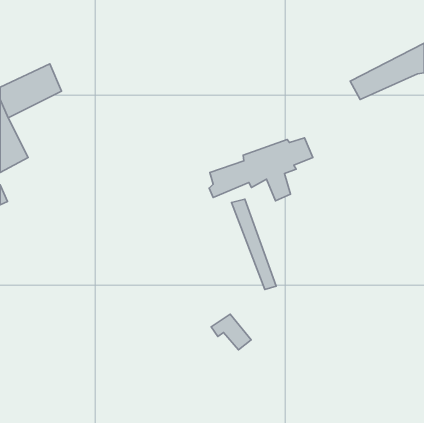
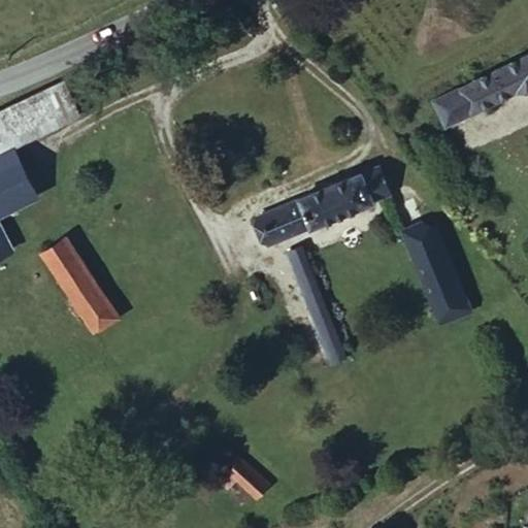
building: none -> [408,235,469,322]
building: none -> [43,240,118,334]
building: [211,314,251,350] -> [221,452,270,496]

